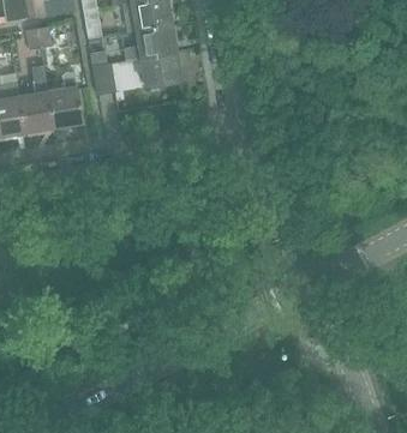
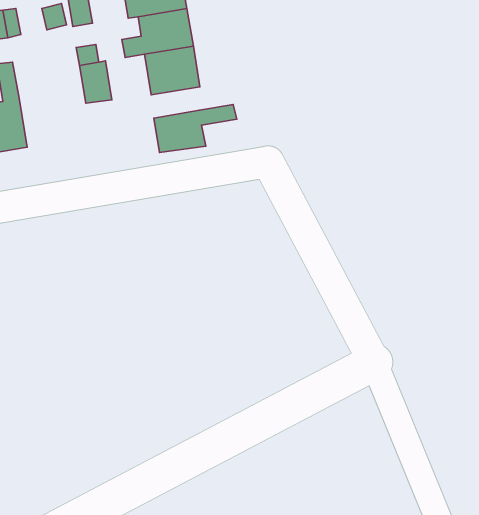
building: [48,74,84,128] -> none
building: none -> [154,105,237,153]

